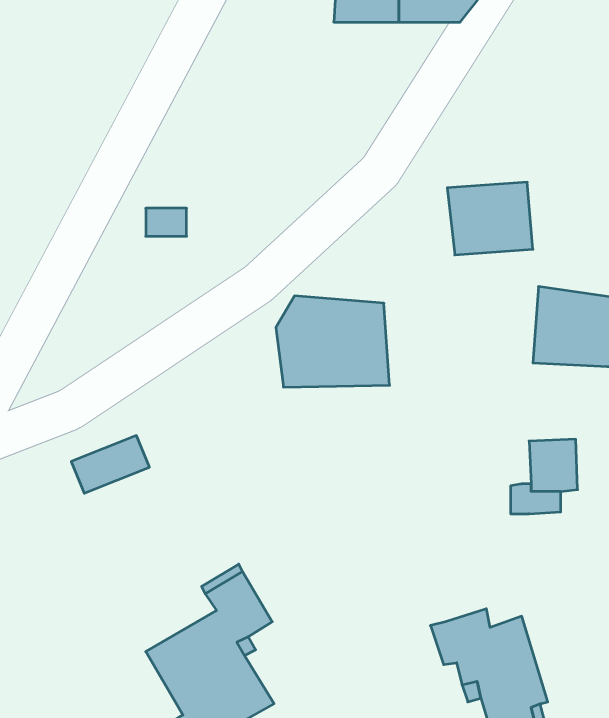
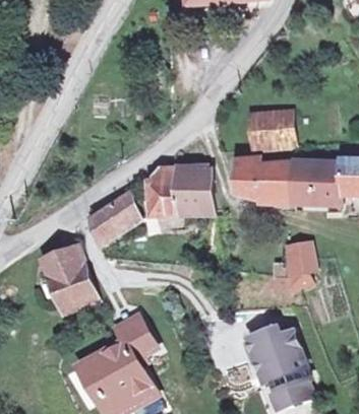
building: none -> [236,153,297,202]
building: none -> [92,197,149,240]
building: none -> [49,259,99,307]

